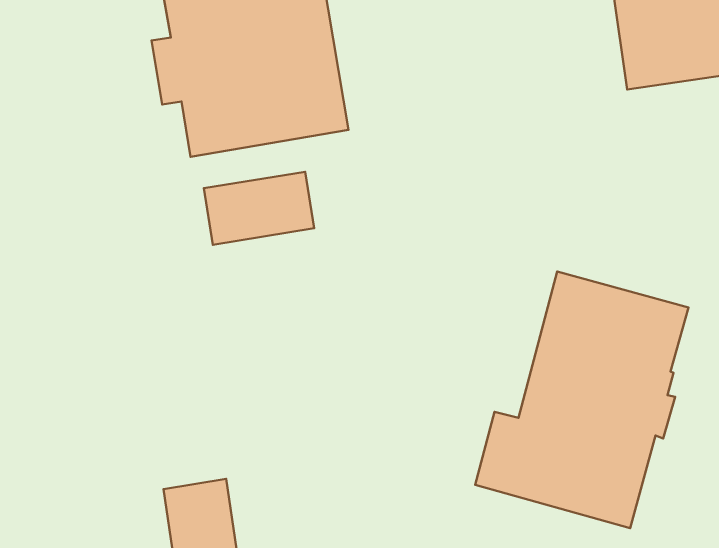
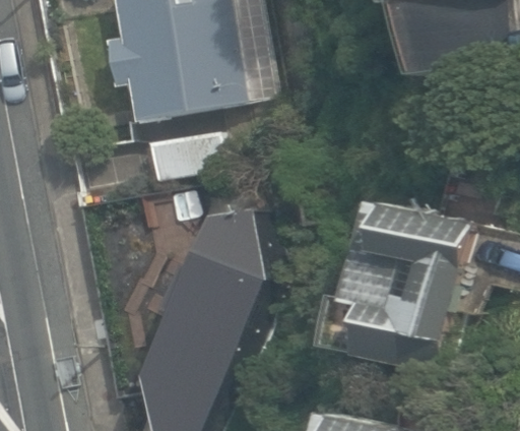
building: none -> [149,185,275,363]

